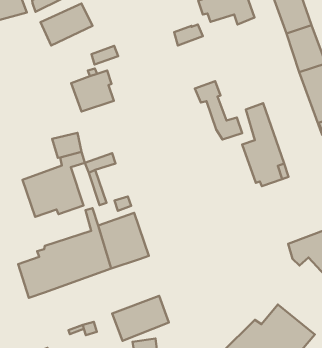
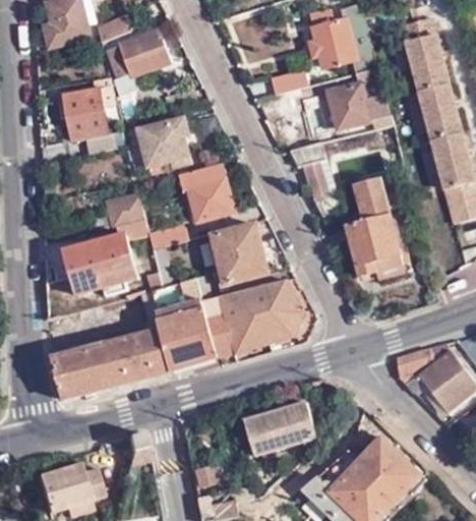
building: none -> [326,68,393,130]
building: none -> [60,76,114,153]
building: none -> [183,168,235,221]
building: none -> [212,223,270,290]
building: none -> [203,280,304,358]
building: [112,296,169,341] -> [243,401,313,454]

